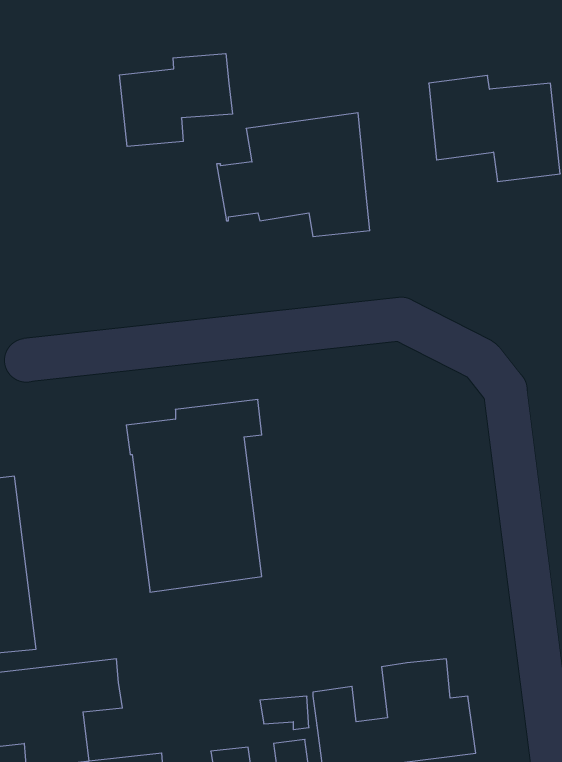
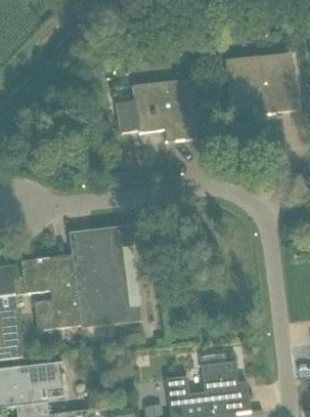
building: [120,54,232,146] -> none
building: none -> [21,254,82,330]

